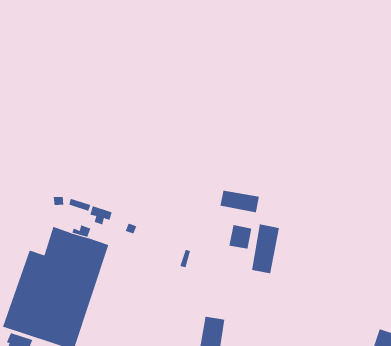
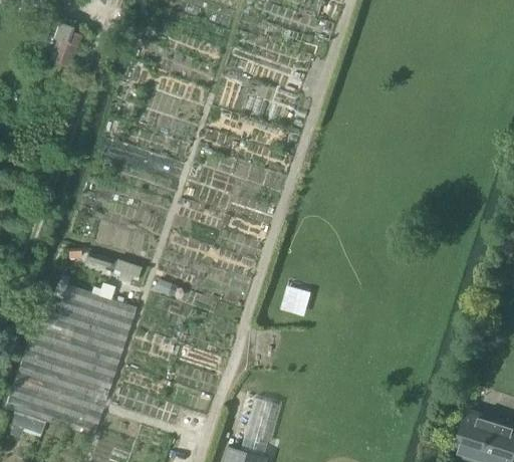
building: none -> [39,23,81,66]
building: [220,190,260,213] -> none
building: [251,224,280,274] -> none

